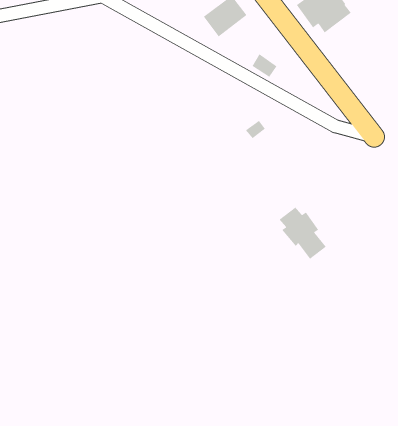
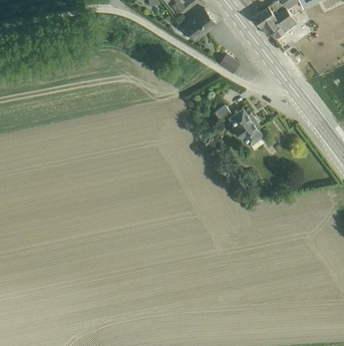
building: [279,206,327,260] -> [228,108,265,149]

